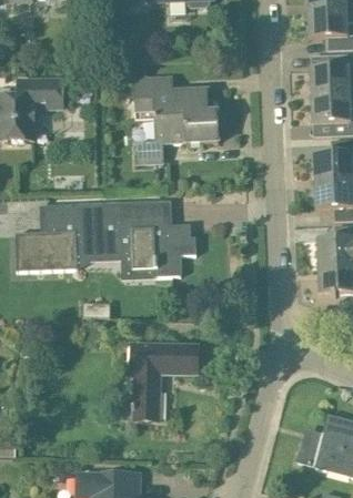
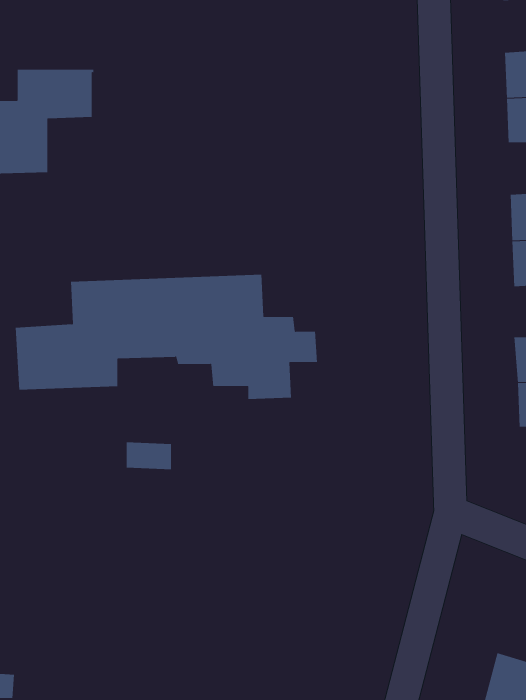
building: [135,77,220,162] -> none
building: [132,344,200,421] -> none

